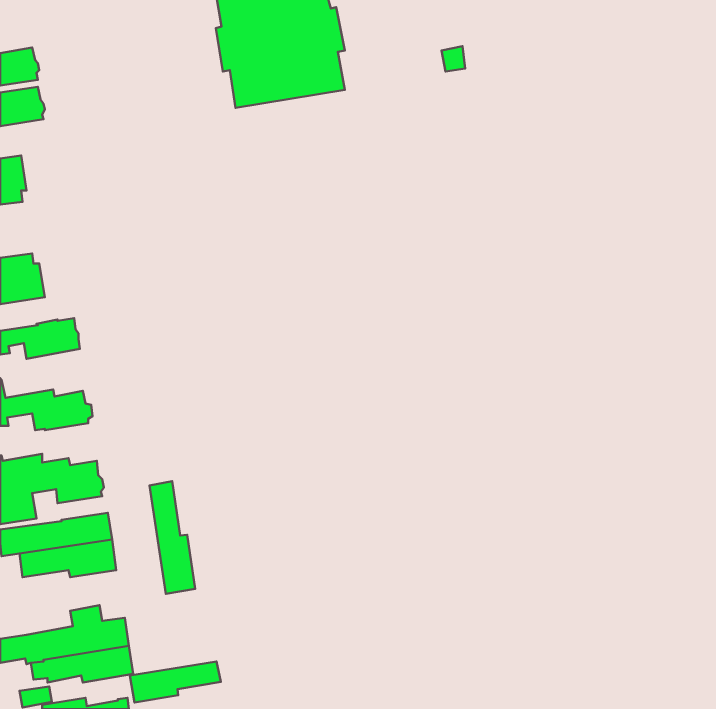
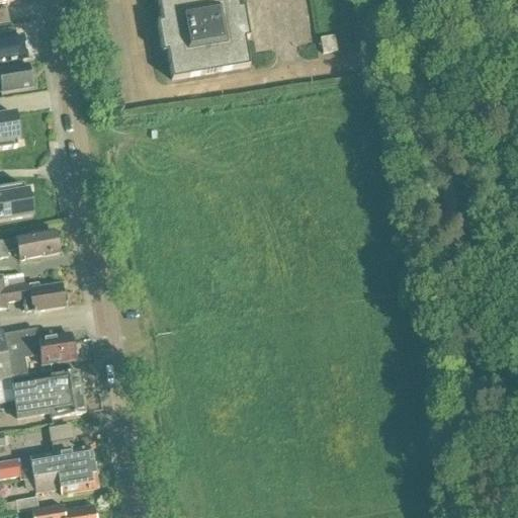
building: [149,481,195,594] -> none
building: [130,661,221,702] -> none

